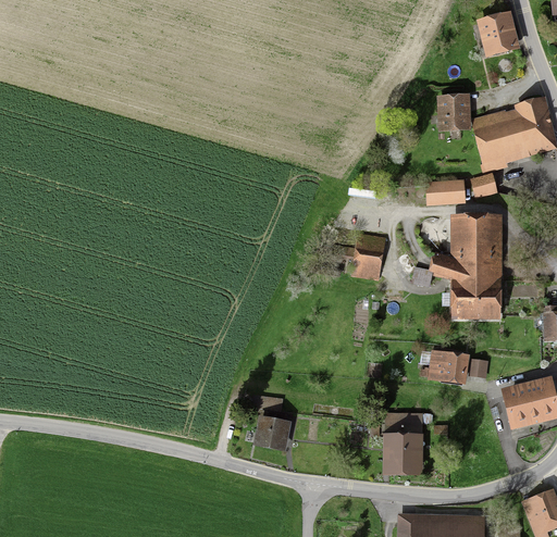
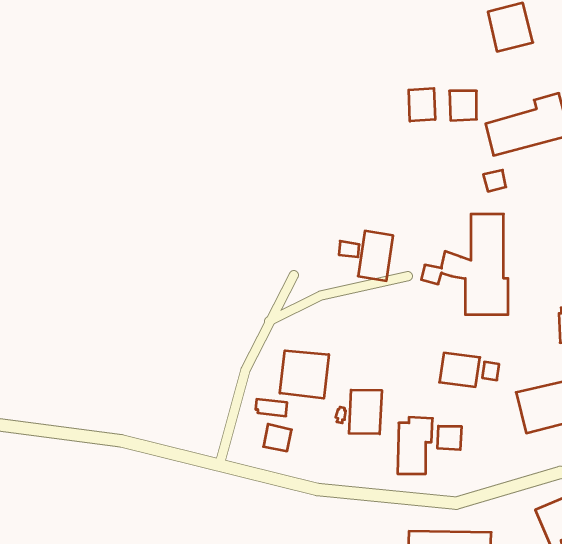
building: none -> [409,88,435,121]
building: [429,183,462,201] -> none
building: none -> [280,351,329,398]
building: none -> [349,390,382,434]
building: none -> [438,426,461,450]

